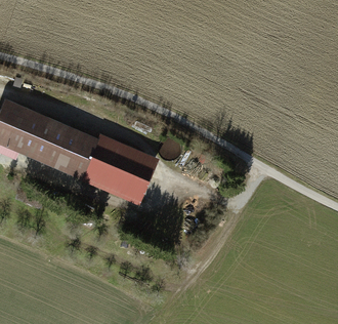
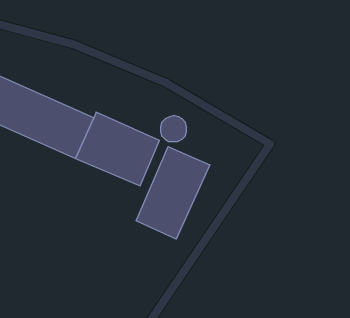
building: none -> [136,147,210,239]

